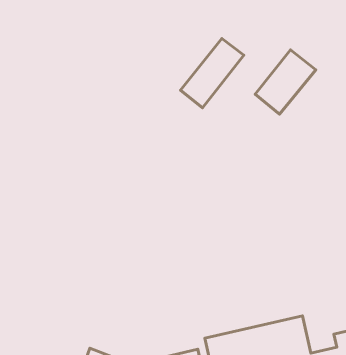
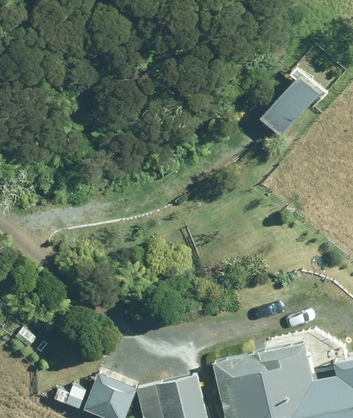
building: [180,38,244,108] -> none

